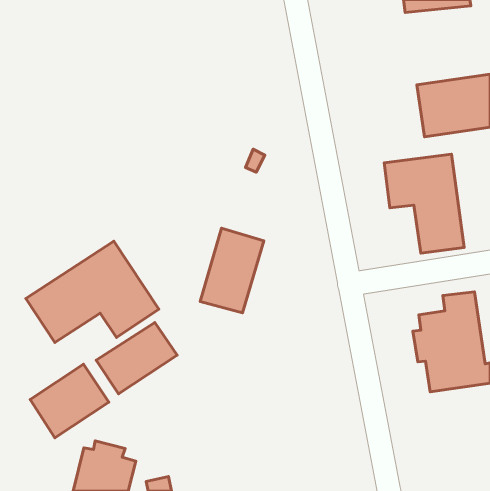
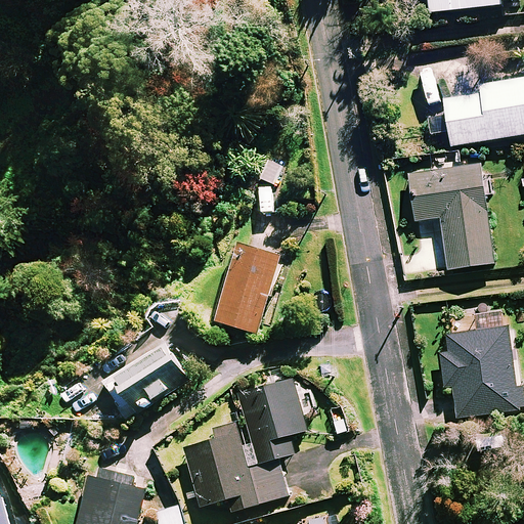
building: [26,241,159,343] -> none
building: none -> [184,377,315,511]
building: [30,364,109,438] -> none

